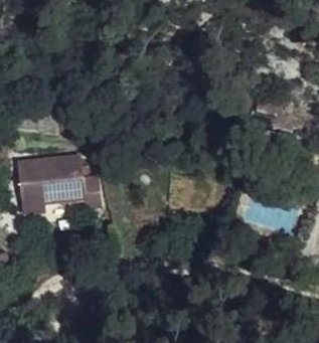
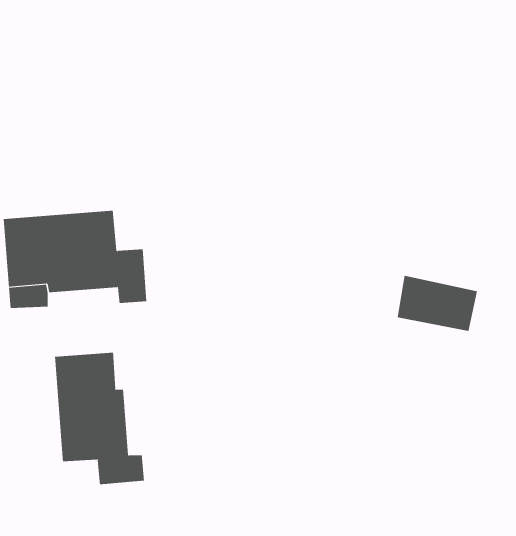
building: none -> [54,352,145,485]

